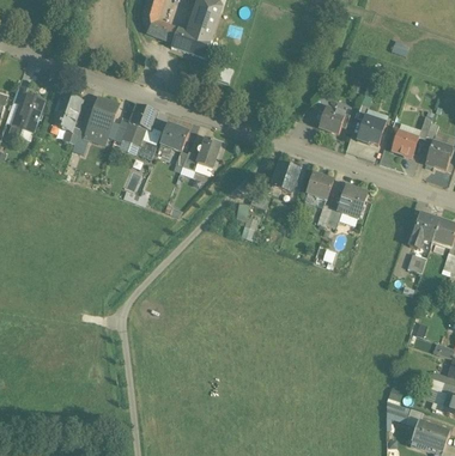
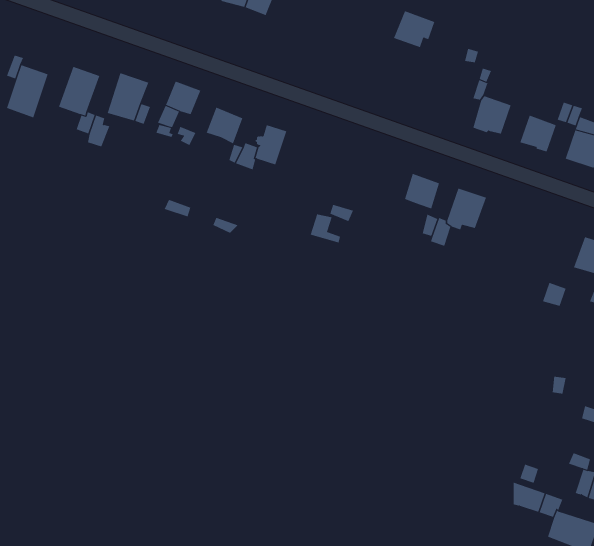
building: [317,105,348,133] -> [393,11,435,48]
building: [272,162,299,191] -> none
building: [410,212,439,247] -> none

